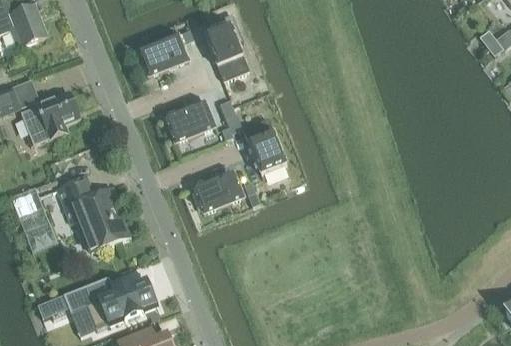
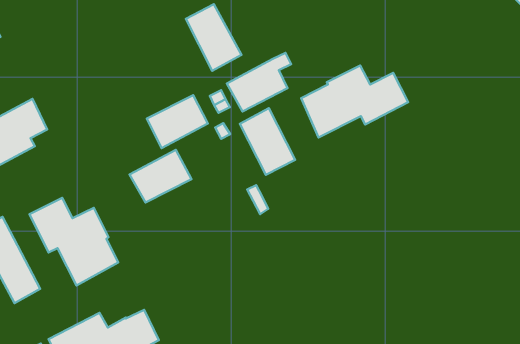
building: [137,29,193,75] -> [227,53,291,112]
building: none -> [301,65,408,137]
building: [192,170,244,212] -> [130,150,192,203]

